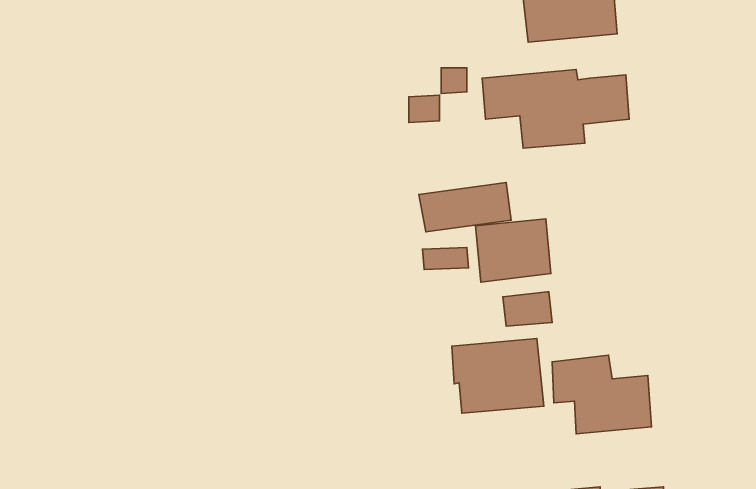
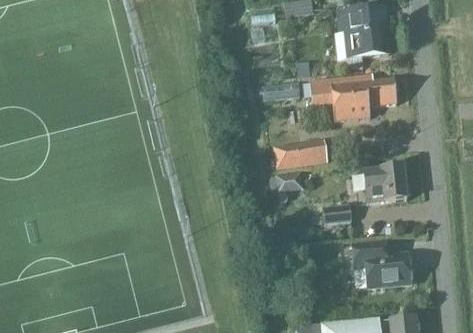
building: [476,219,551,282] -> [364,165,408,202]
building: [452,338,544,413] -> none

